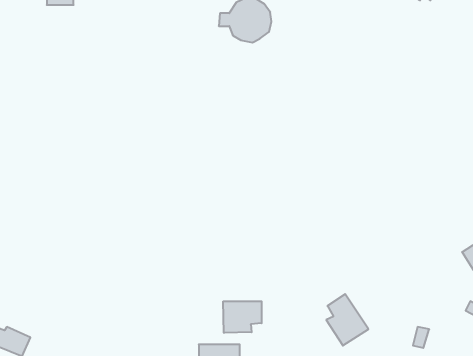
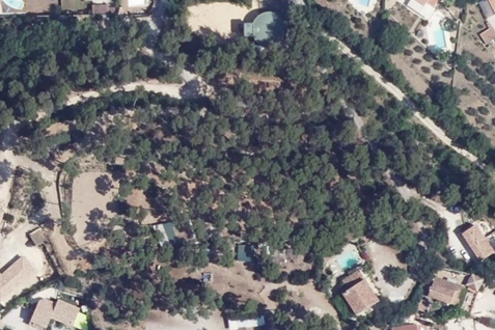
building: [223,301,262,333] -> none
building: none -> [429,278,463,305]

